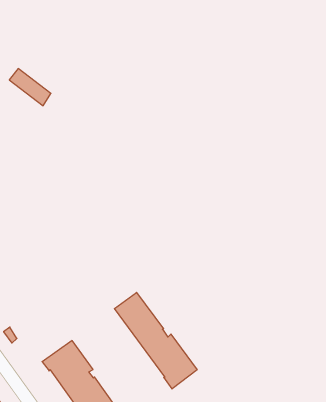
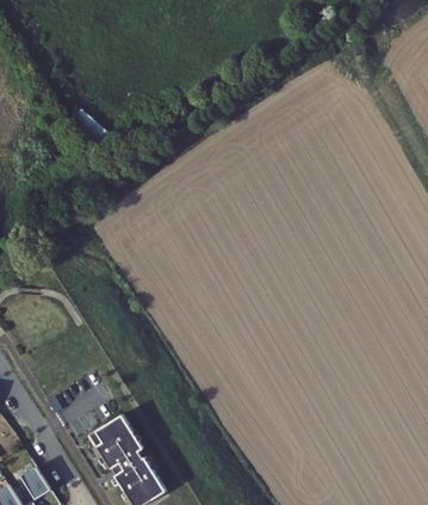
building: [114,292,197,389] -> none

